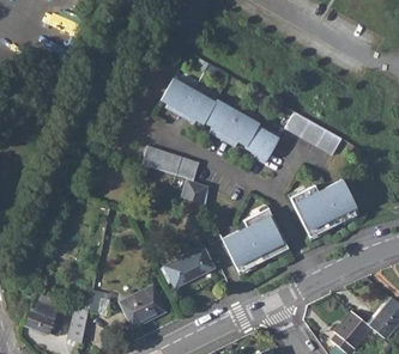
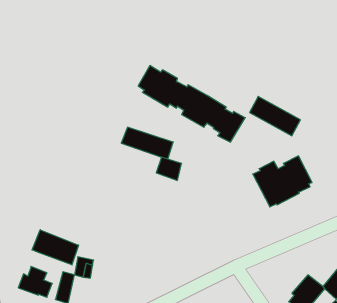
building: [222,208,288,270] -> none
building: [164,245,214,287] -> none
building: none -> [32,230,79,265]
building: [119,283,167,328] -> none

